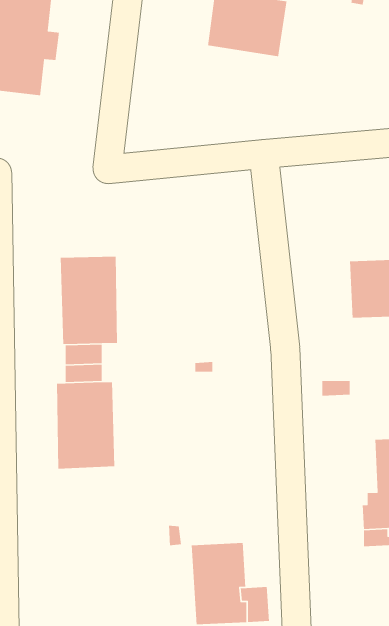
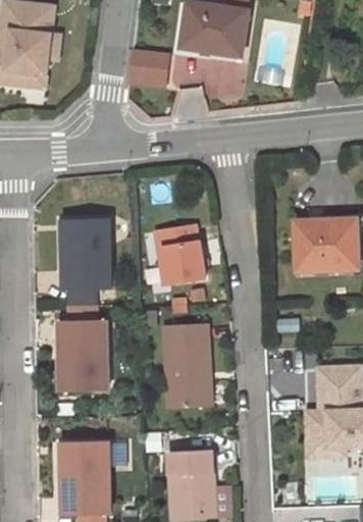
building: none -> [129,52,170,90]
building: none -> [155,225,206,284]
building: none -> [163,324,209,407]
building: none -> [61,441,108,514]

